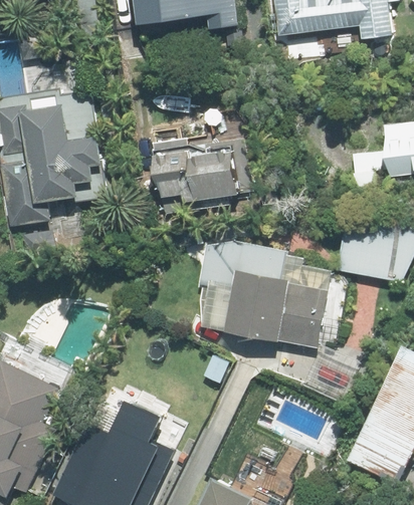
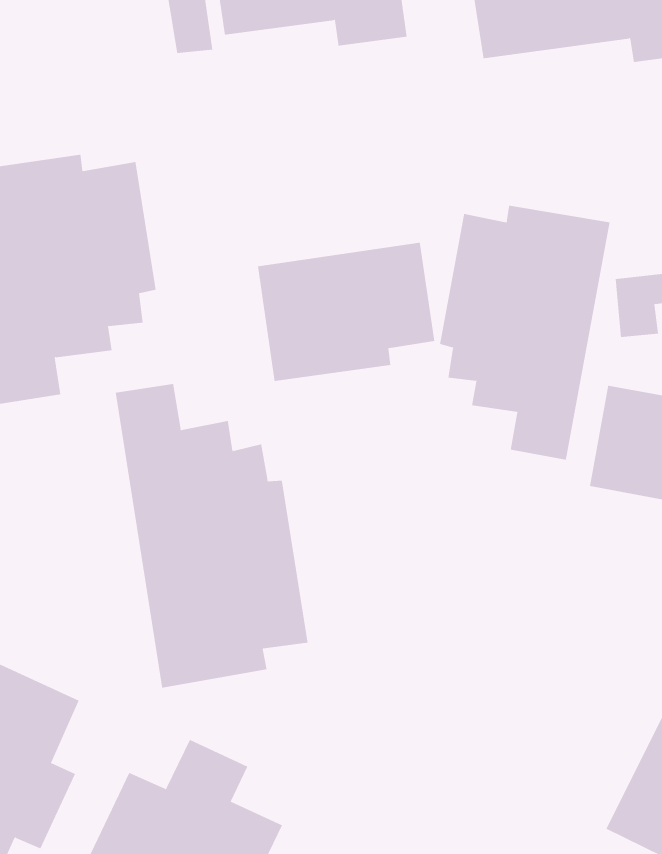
building: none -> [439,205,610,460]
building: none -> [115,383,308,689]
building: [200,242,328,345] -> none

